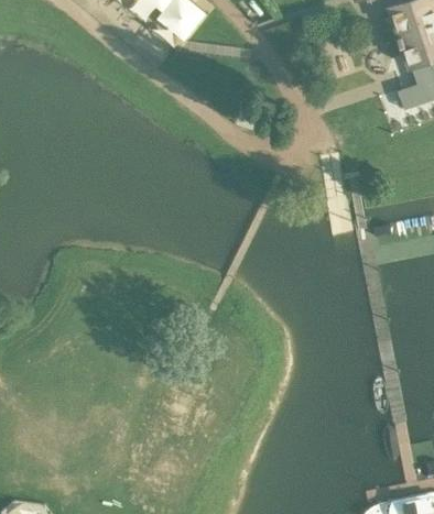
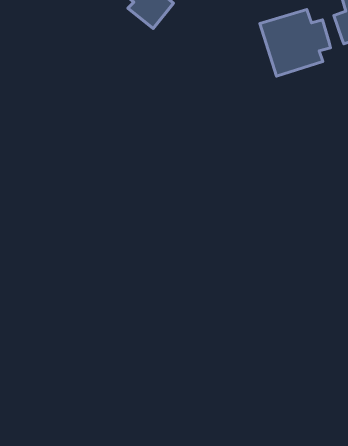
building: none -> [260,10,330,76]

